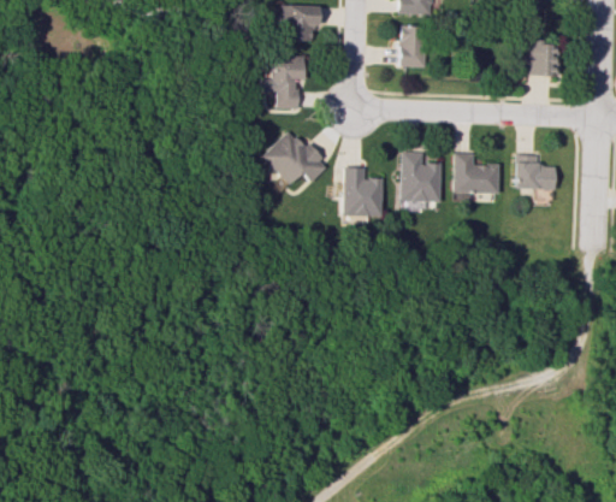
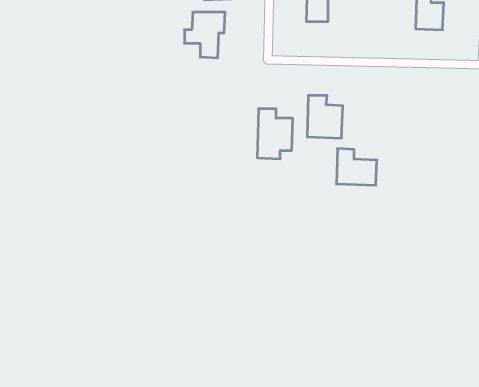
building: [261,129,326,184] -> none
building: [454,152,500,194] -> [336,149,377,185]
building: [515,154,556,189] -> none

